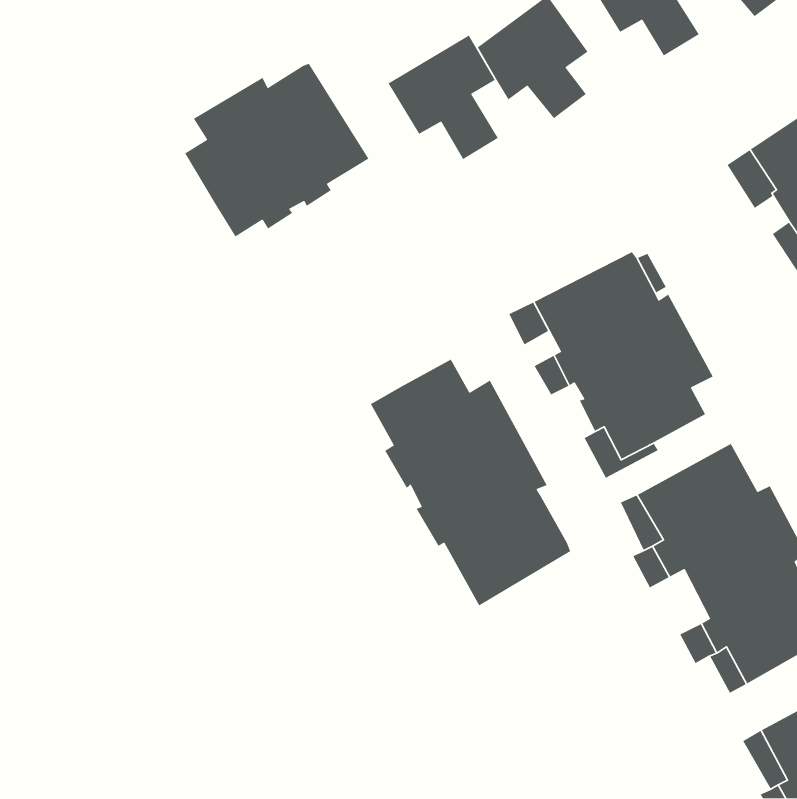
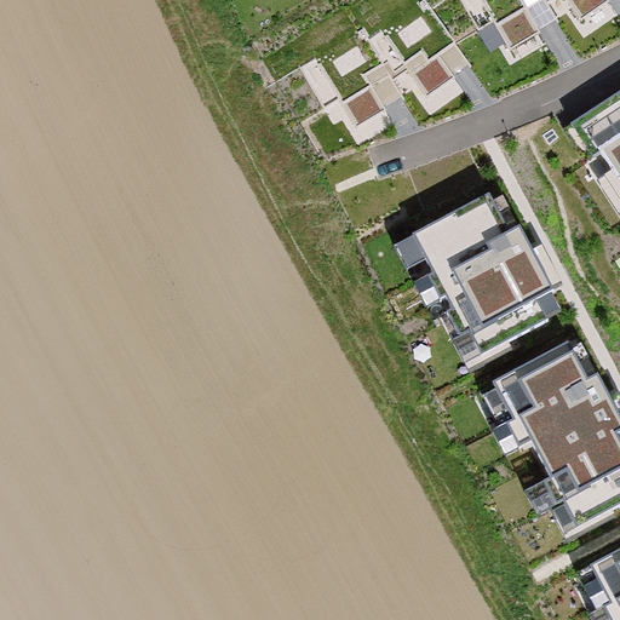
building: [184,63,370,237] -> none
building: [370,358,571,607] -> none

